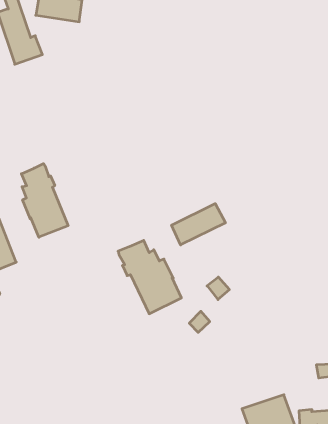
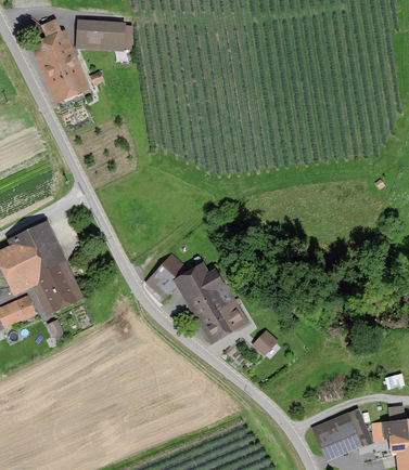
building: [21,164,68,237] -> none
building: [172,204,225,245] -> none
building: none -> [153,256,189,290]

